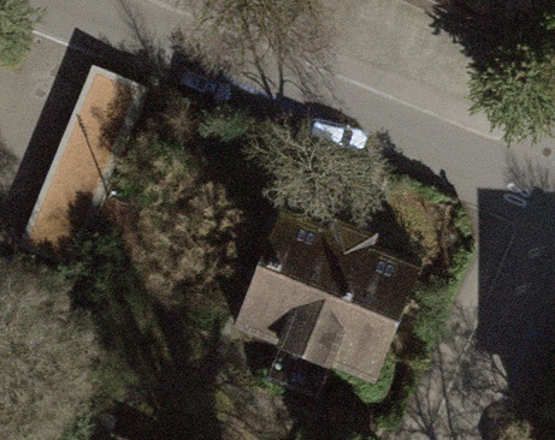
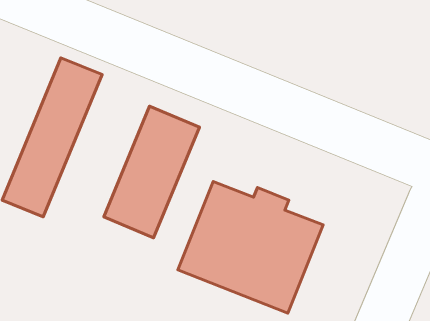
building: none -> [104,106,199,238]

